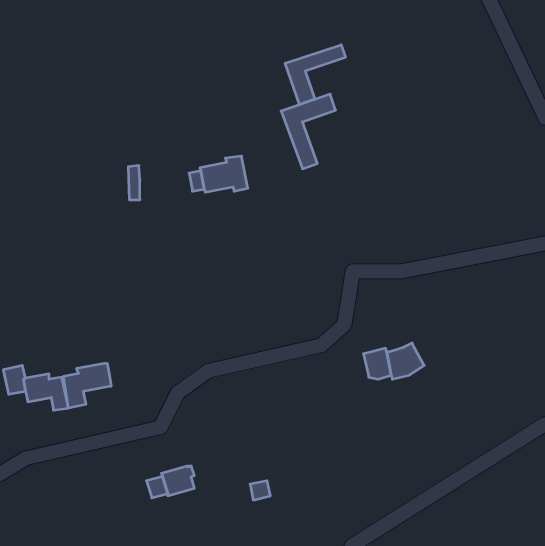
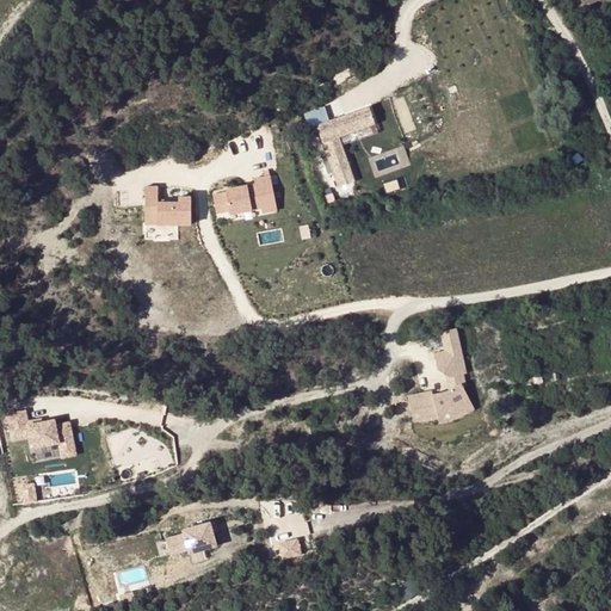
building: [285,45,345,105] -> none
building: none -> [156,195,191,224]
building: none -> [433,328,467,388]
building: [64,363,111,408] -> none

